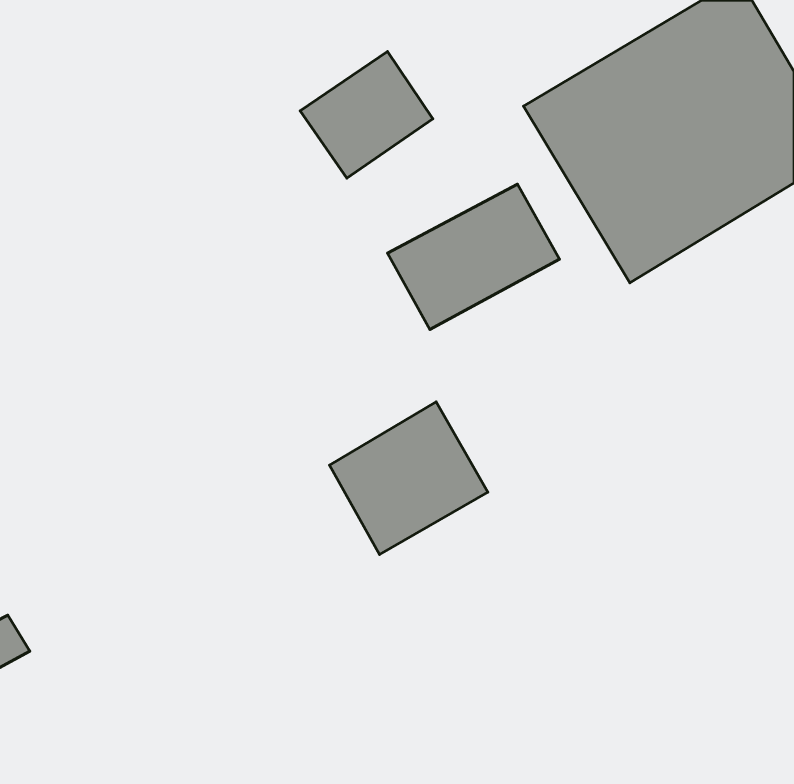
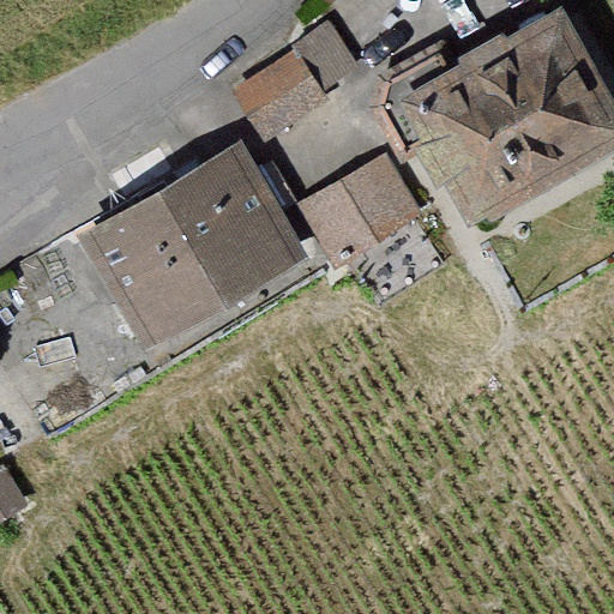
building: none -> [78,133,313,350]
building: [329,402,488,554] -> none

